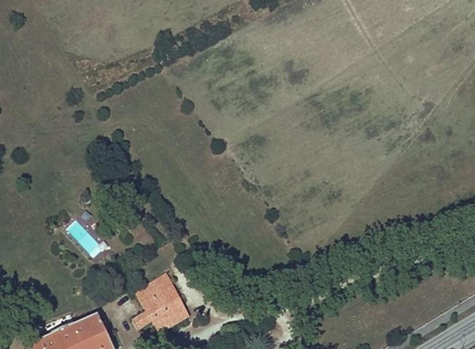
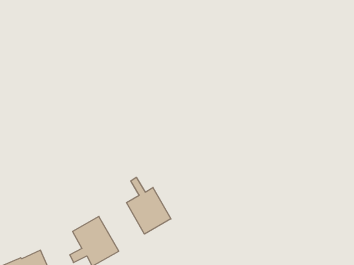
building: none -> [127,177,171,234]

